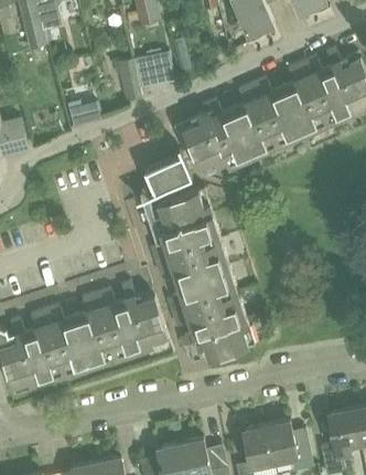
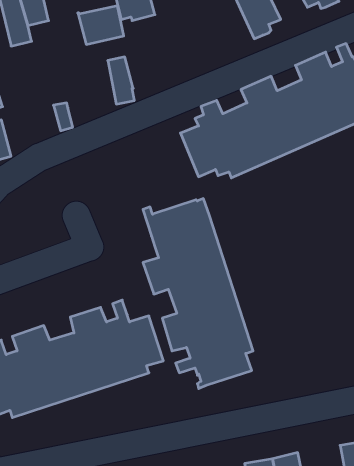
building: [132,51,174,86] -> [78,6,124,44]
building: [143,151,192,192] -> none

